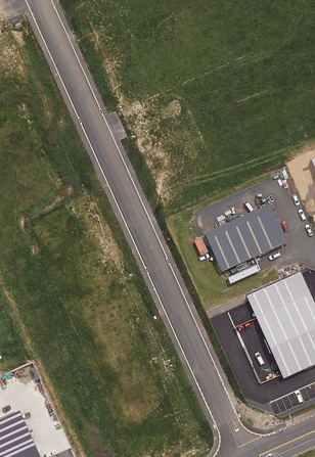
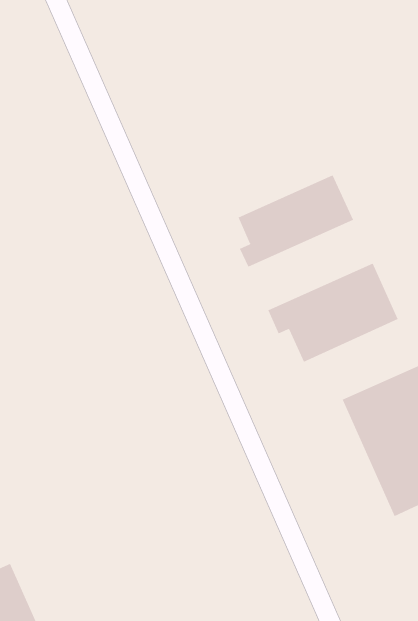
building: none -> [238,174,354,268]

